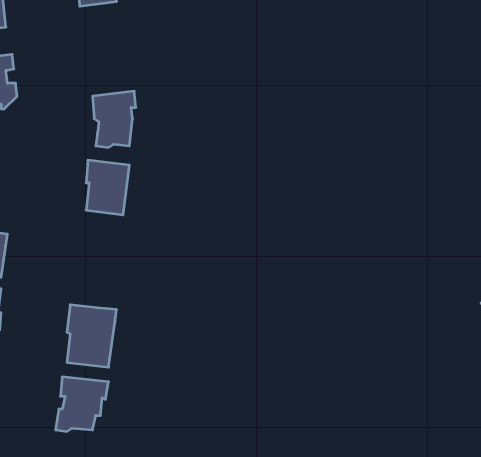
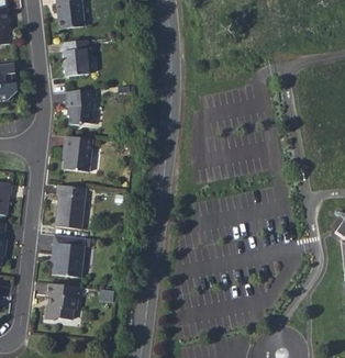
building: none -> [63,38,90,78]
building: none -> [54,184,84,228]

